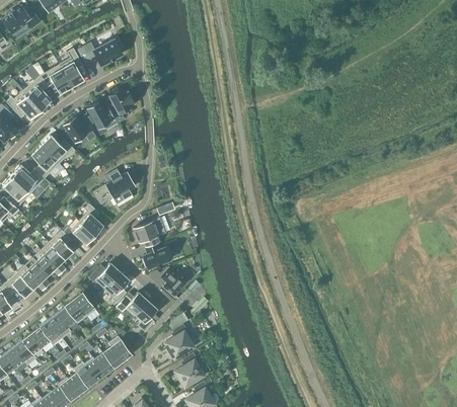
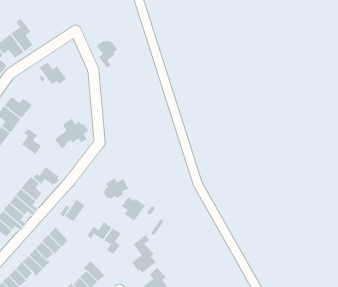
building: [77,37,123,65] -> none
building: [109,89,135,123] -> [96,39,118,68]
building: [64,116,96,142] -> none
building: [80,204,103,235] -> [21,128,42,155]
building: [134,218,167,248] -> none
building: [104,271,130,303] -> none

